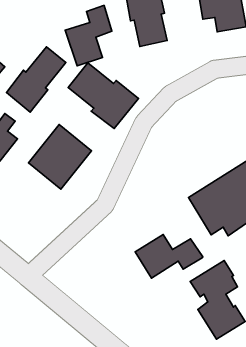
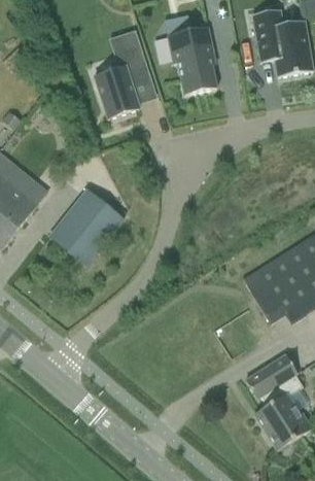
building: [6,47,66,112] -> none
building: [68,63,138,128] -> none
building: [135,234,203,278] -> none

